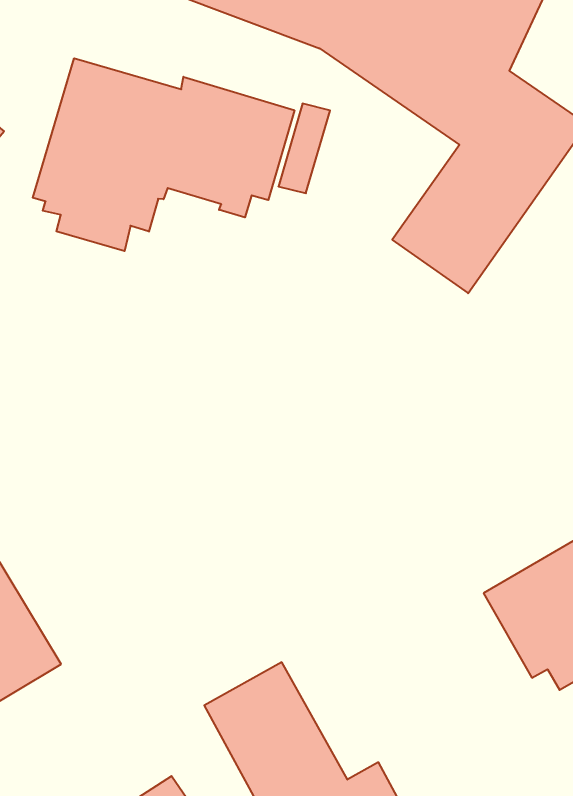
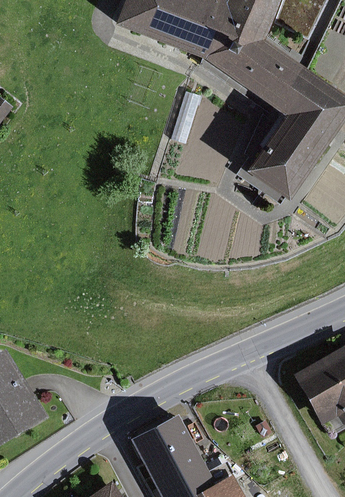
building: [33,58,294,251] -> none

